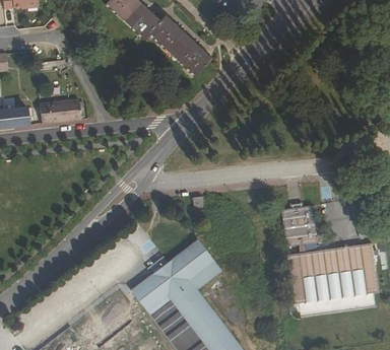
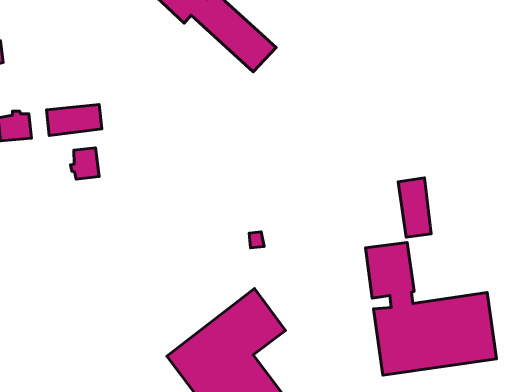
building: none -> [70,148,99,179]
building: none -> [398,178,431,237]

